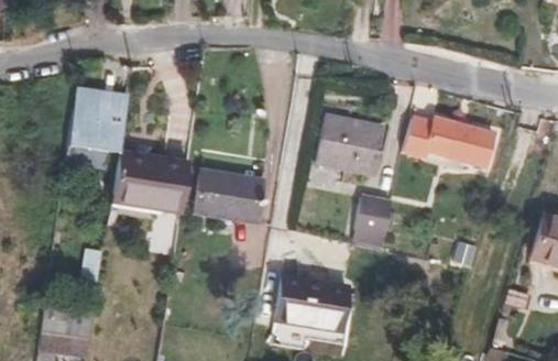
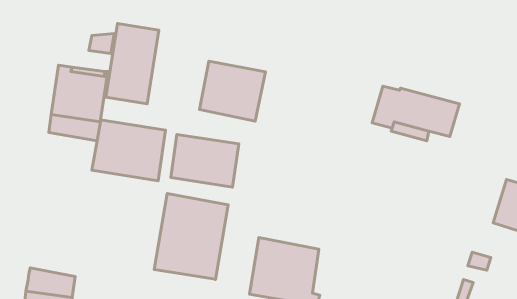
building: none -> [106,23,159,104]
building: [316,113,385,176] -> [199,61,266,121]
building: [354,197,392,237] -> none
building: none -> [154,194,228,280]

